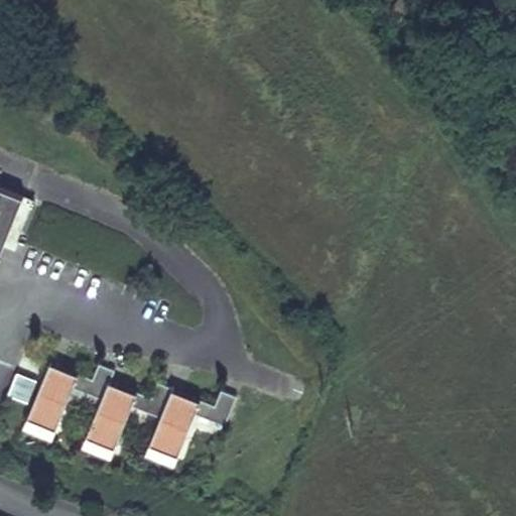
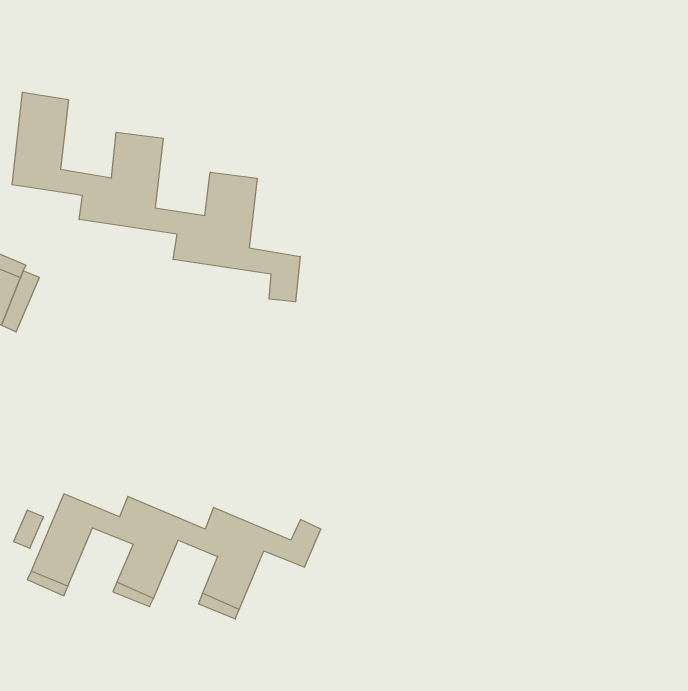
building: none -> [12,92,300,302]

